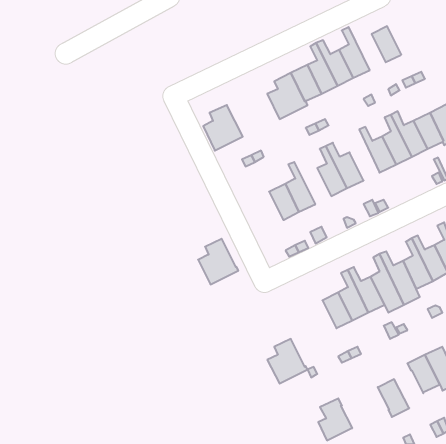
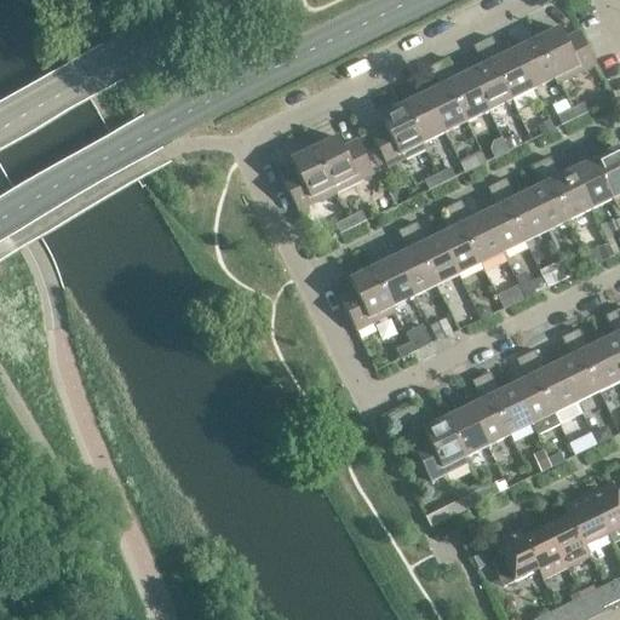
building: none -> [538,24,598,81]
building: none -> [484,34,535,97]
building: none -> [316,133,375,189]
building: none -> [486,179,527,249]
building: none -> [409,219,460,282]
building: [198,239,238,284] -> [341,265,397,328]
building: [267,339,308,384] -> [415,415,471,477]
building: none -> [547,512,592,564]
building: [318,398,352,440] -> [493,526,540,584]

